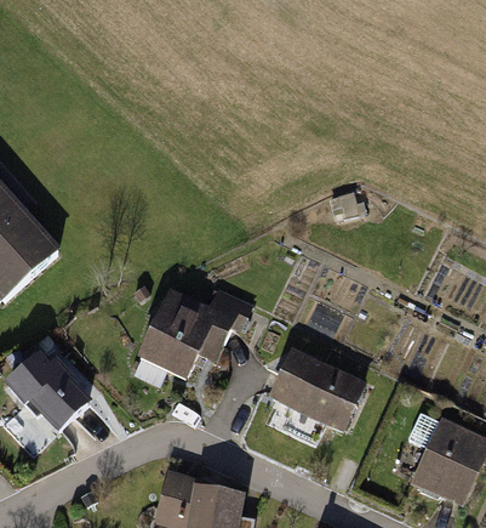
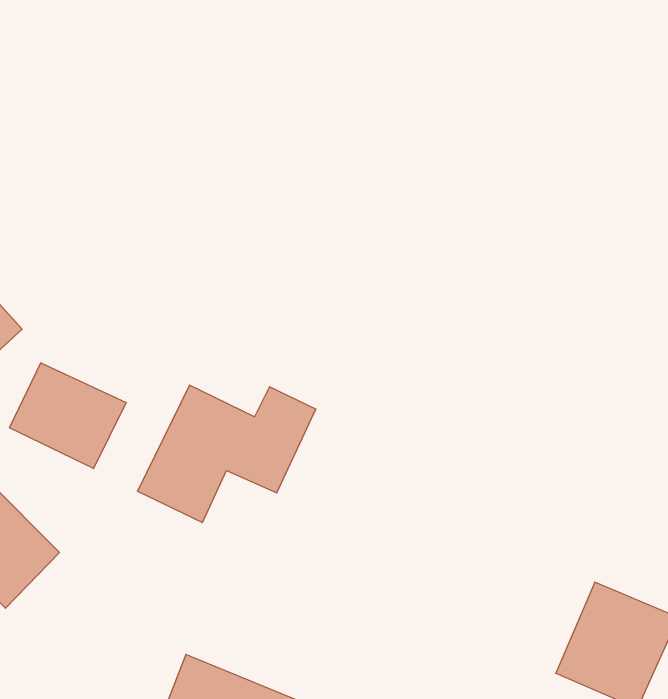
building: none -> [10,363,126,469]
building: [268,347,360,427] -> none

